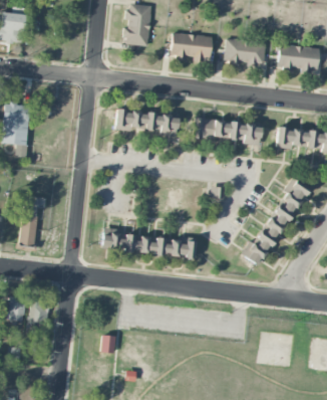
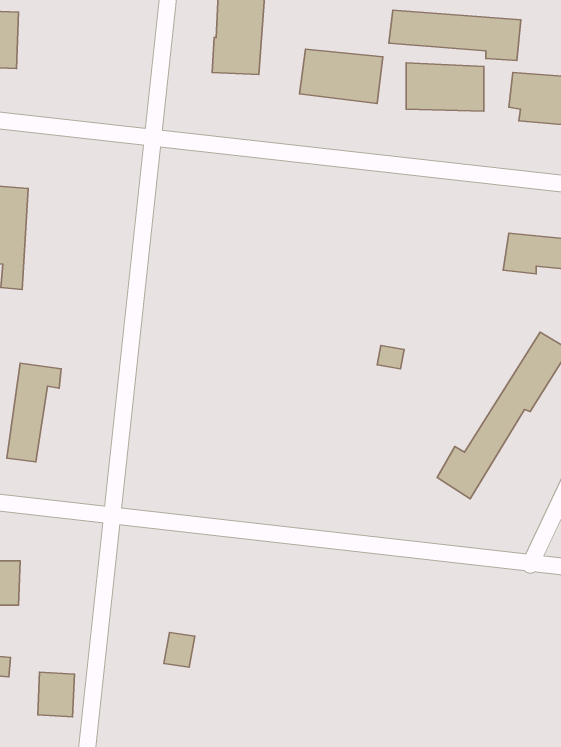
building: [114,110,179,134] -> none
building: [193,119,261,145] -> [389,10,521,61]
building: [101,227,195,257] -> none
building: [29,299,48,323] -> [38,672,75,717]

